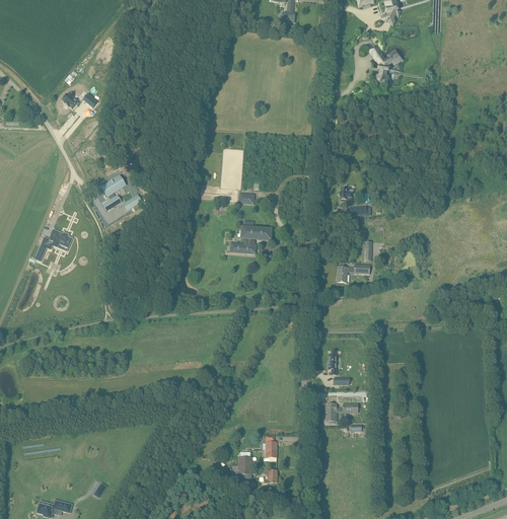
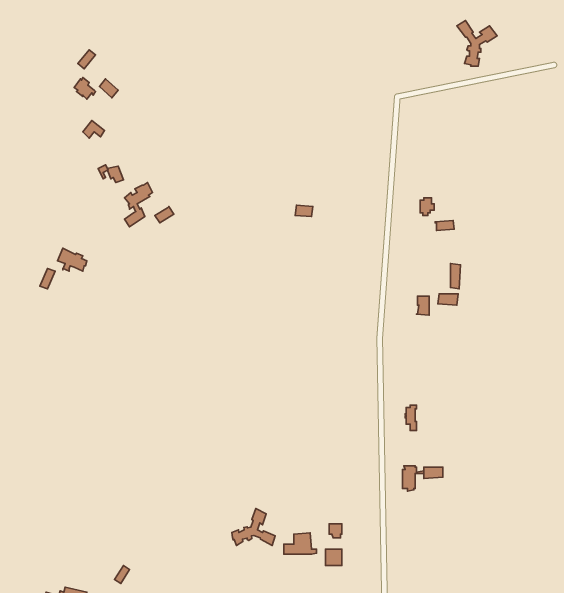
building: [237,222,271,253] -> none
building: none -> [232,509,275,545]

